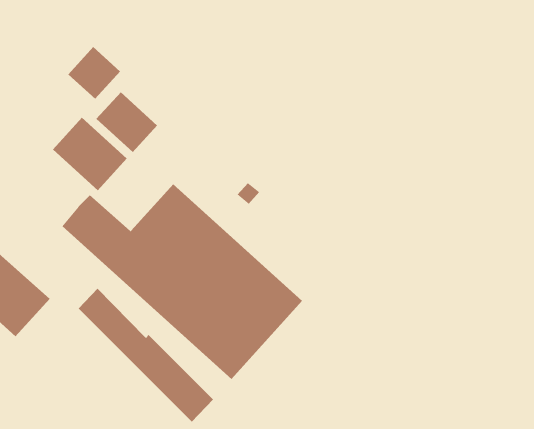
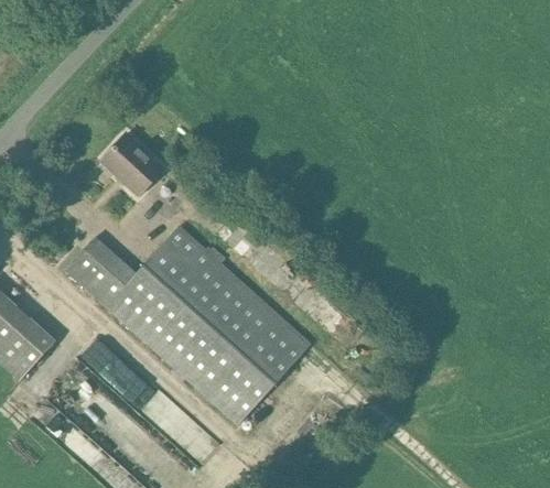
building: [67,46,121,100] -> none
building: [52,117,127,191] -> none

